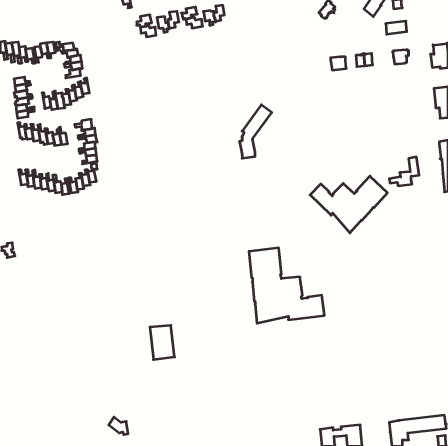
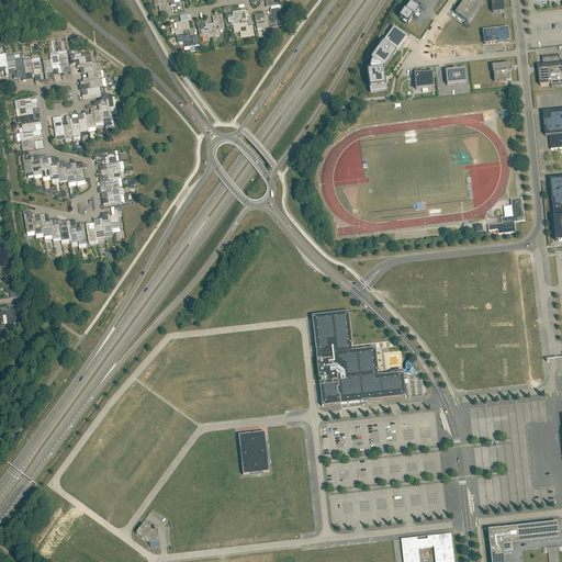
building: [239,105,272,158] -> [367,25,407,92]
building: [310,176,387,233] -> none
building: [150,325,175,360] -> [238,431,269,474]

